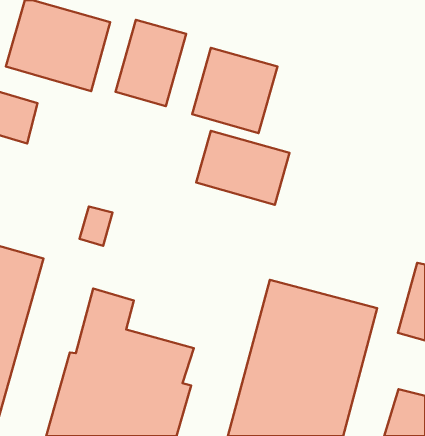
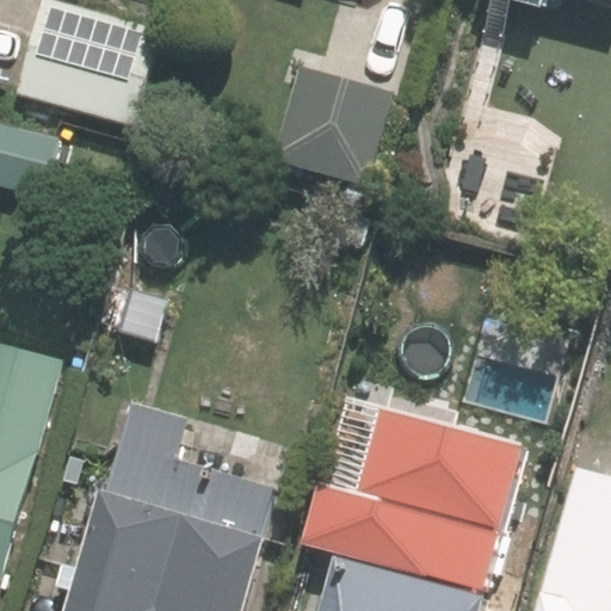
building: [115,20,186,106] -> none
building: [196,131,290,205] -> none

